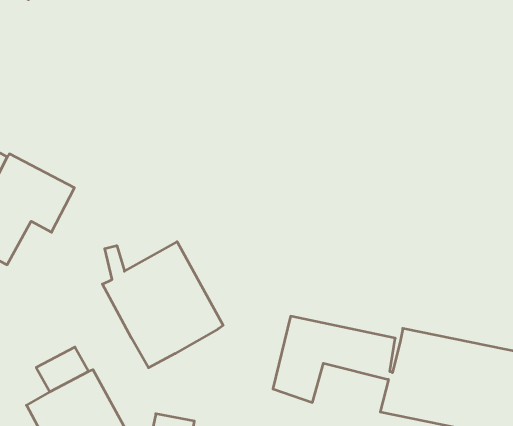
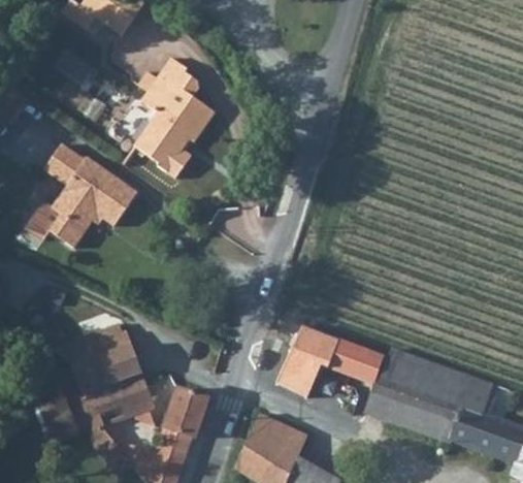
building: none -> [133,57,215,169]
building: [102,242,223,368] -> none

